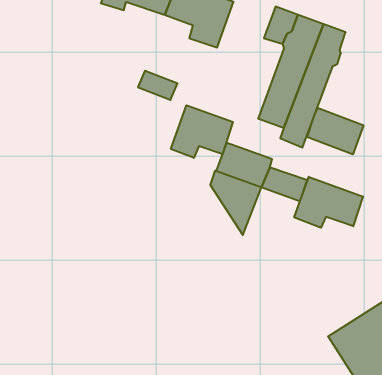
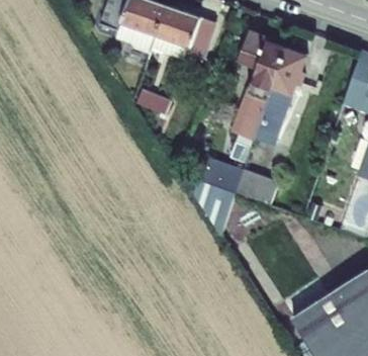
building: [171,105,233,158] -> none
building: [307,108,363,154] -> none
building: [294,177,363,228] -> none

